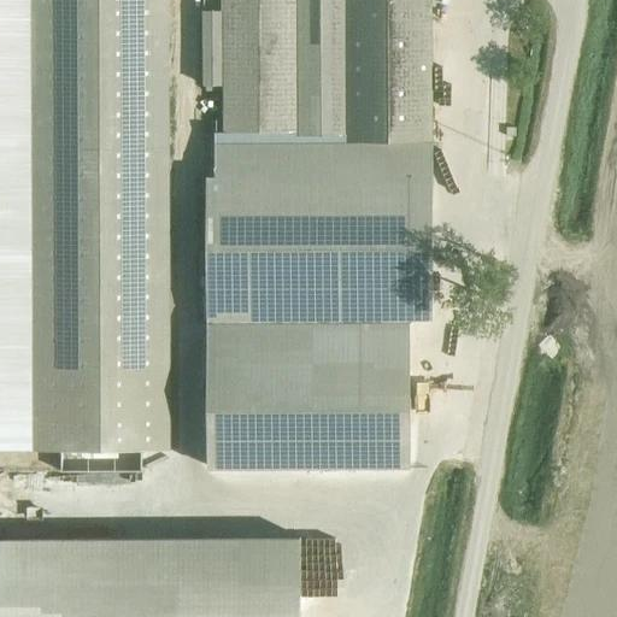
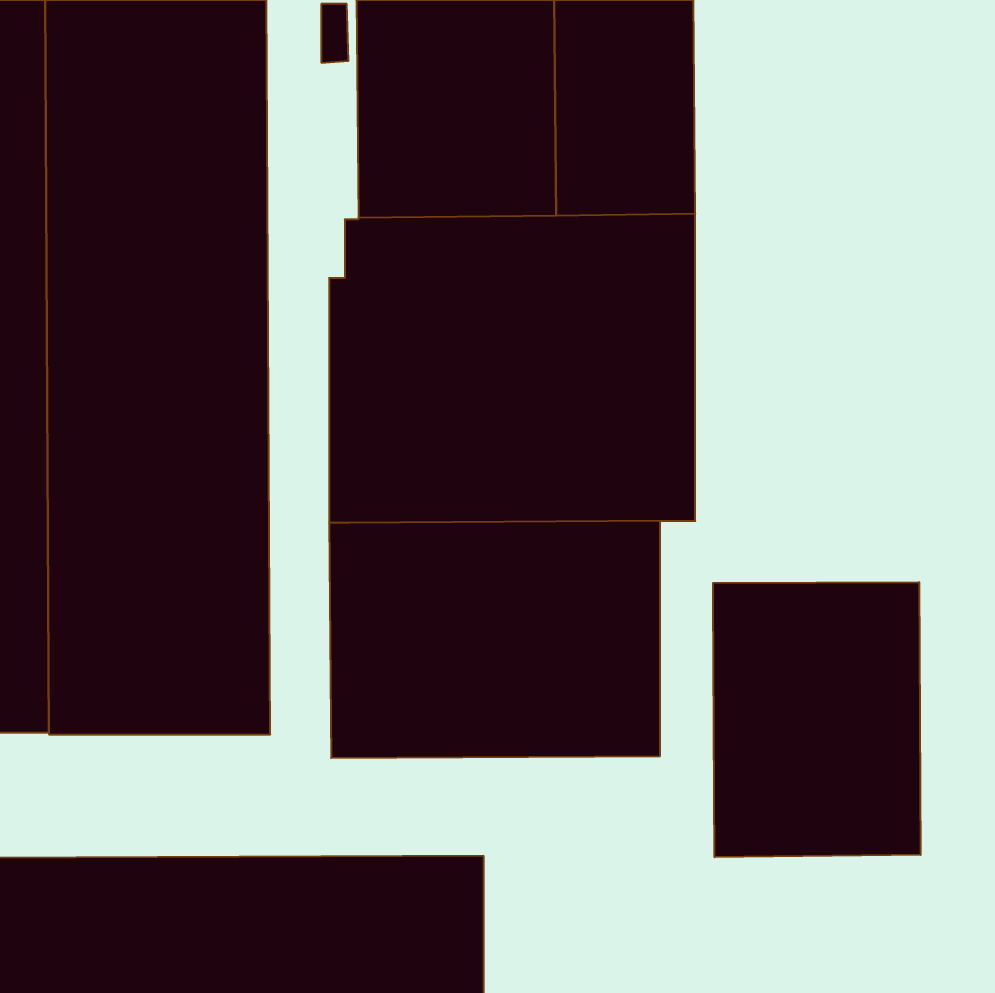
building: none -> [713,582,921,857]

